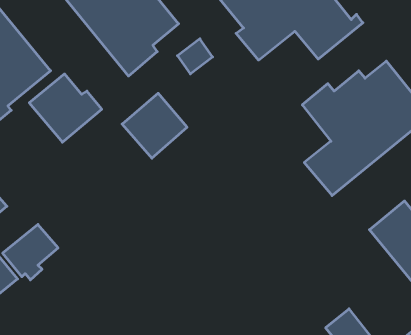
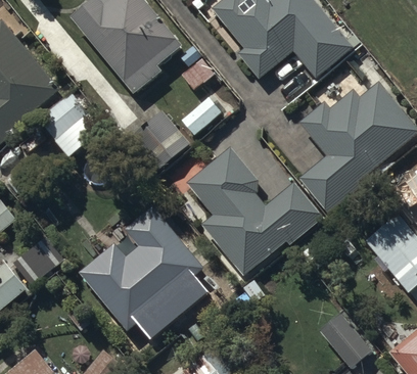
building: none -> [186,147,324,277]
building: none -> [78,206,202,336]

